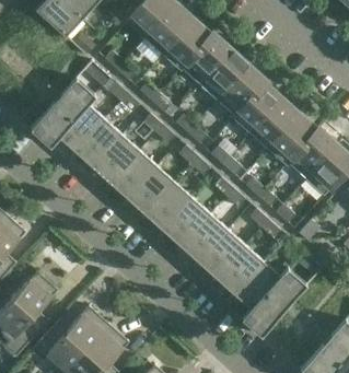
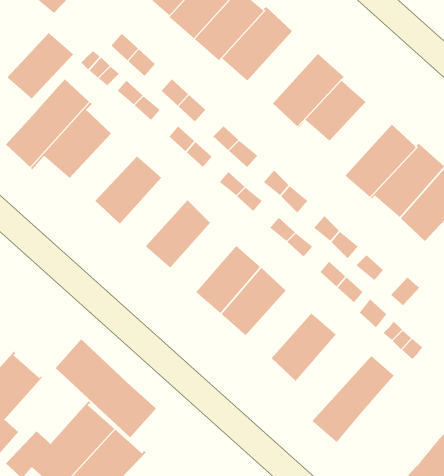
building: [199,48,248,98] -> none
building: [249,97,300,149] -> none
building: [75,119,123,166] -> [6,32,74,100]
building: [110,150,158,198] -> none
building: [146,182,191,230] -> none
building: [198,229,244,276] -> none
building: [233,259,286,319] -> none
building: none -> [55,338,157,438]

